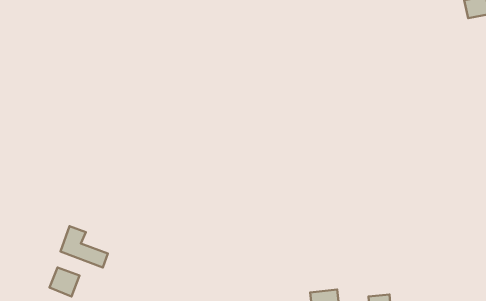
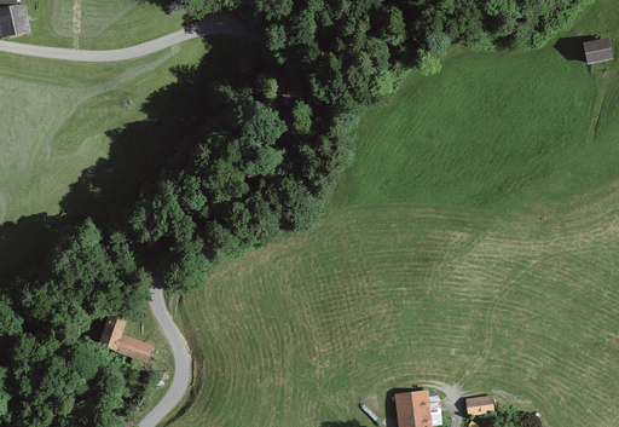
building: [50,267,80,297] -> none

